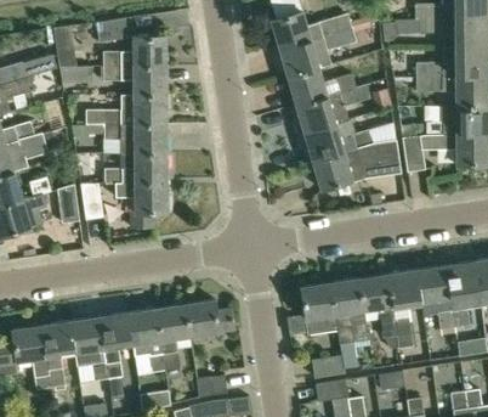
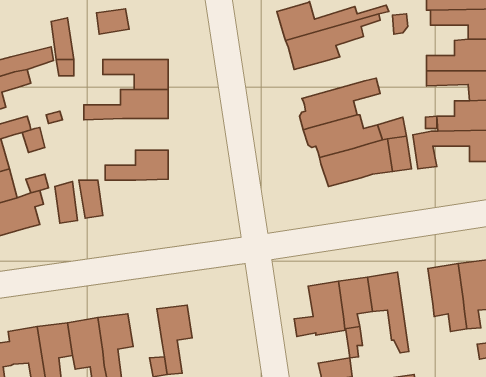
building: [103,36,166,67] -> none
building: [288,68,356,105] -> none
building: [85,124,166,154] -> none
building: [115,182,166,227] -> none
building: [387,269,421,349] -> none
building: [185,299,234,336] -> none
building: [127,308,160,344] -> none

